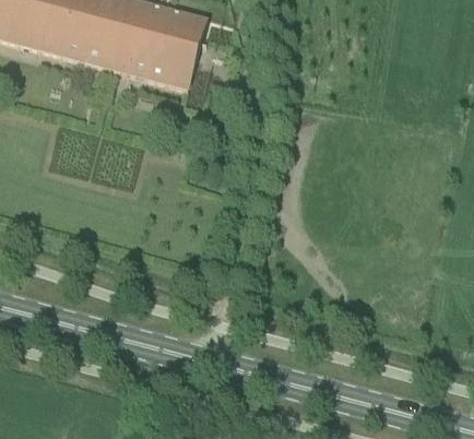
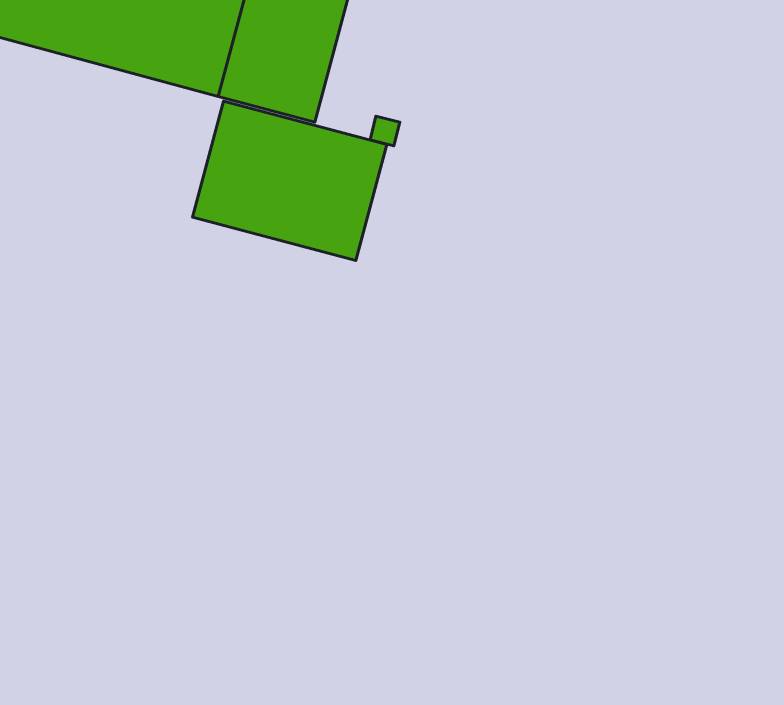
building: none -> [193,101,387,261]

